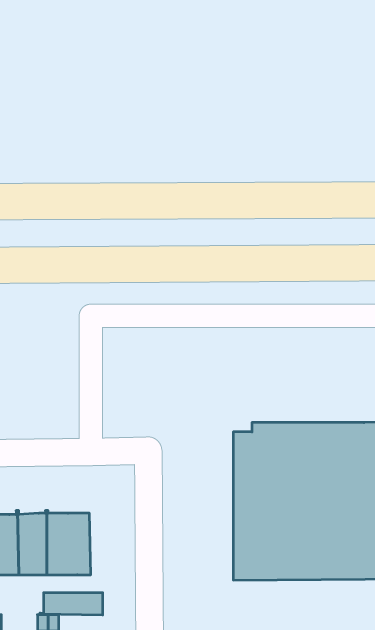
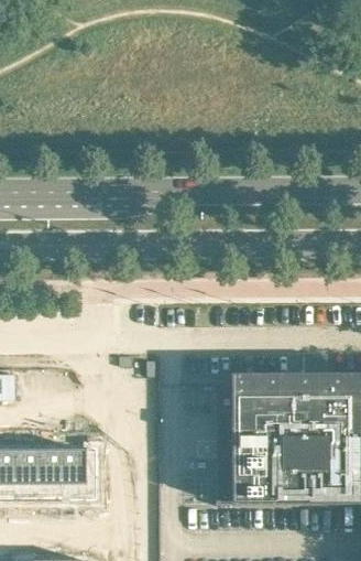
building: [40,593,103,615] -> none

